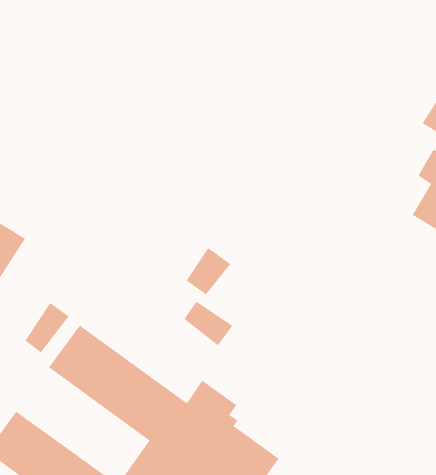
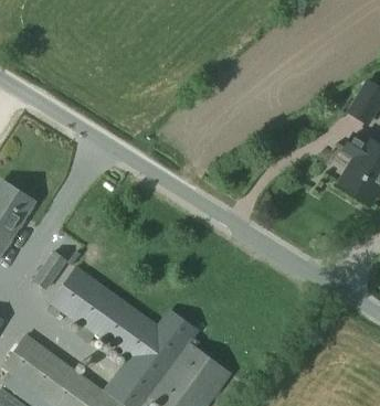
building: [186,247,231,295] -> none
building: [184,301,233,346] -> none

